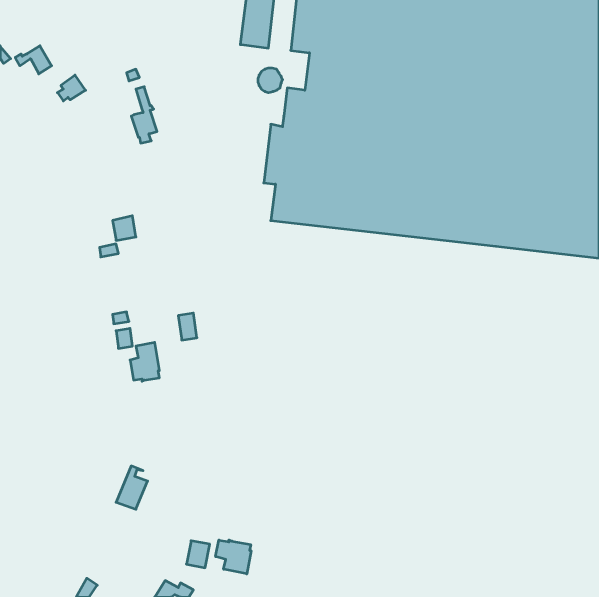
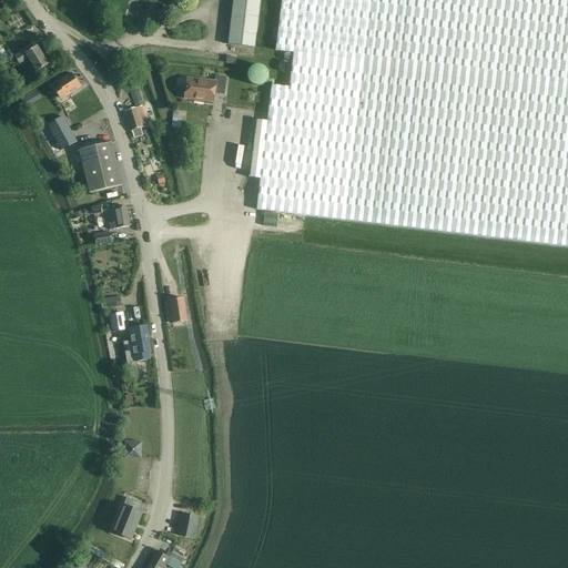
building: none -> [184,77,216,100]
building: none -> [47,115,77,149]
building: none -> [80,140,122,191]
building: [116,466,148,509] -> [112,496,142,537]
building: [216,540,251,574] -> none

